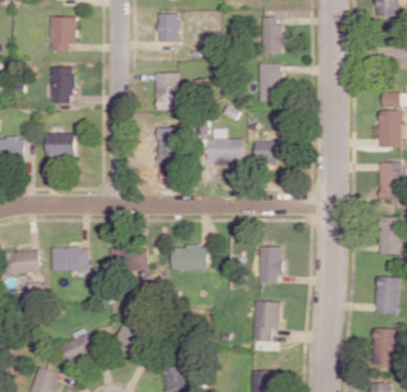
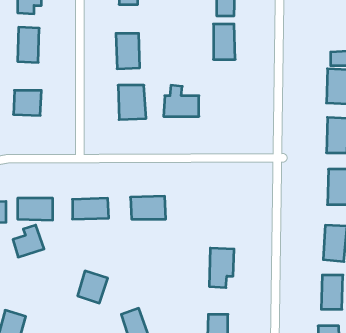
building: [253,142,283,163] -> none
building: [258,247,281,283] -> none
building: [59,329,92,363] -> [13,225,44,257]

